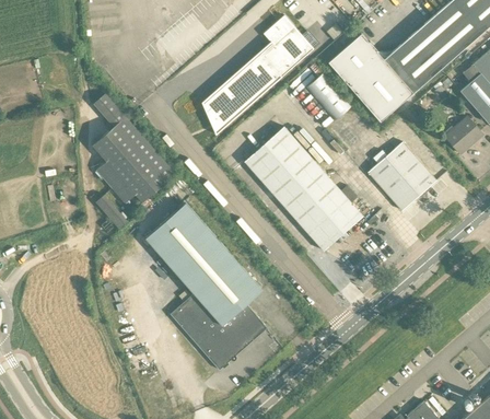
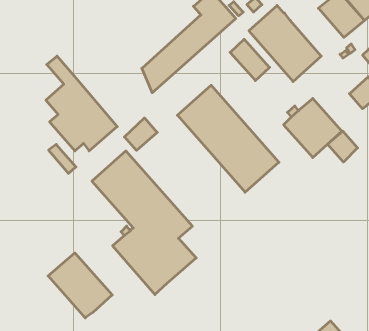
building: [384,36,439,92] -> none
building: none -> [124,118,157,150]
building: none -> [328,131,358,162]
building: none -> [48,253,112,318]

